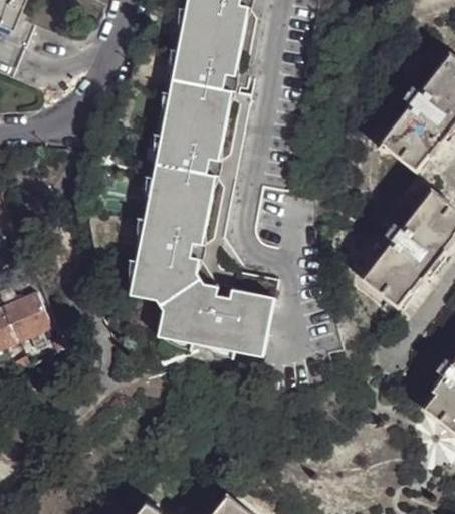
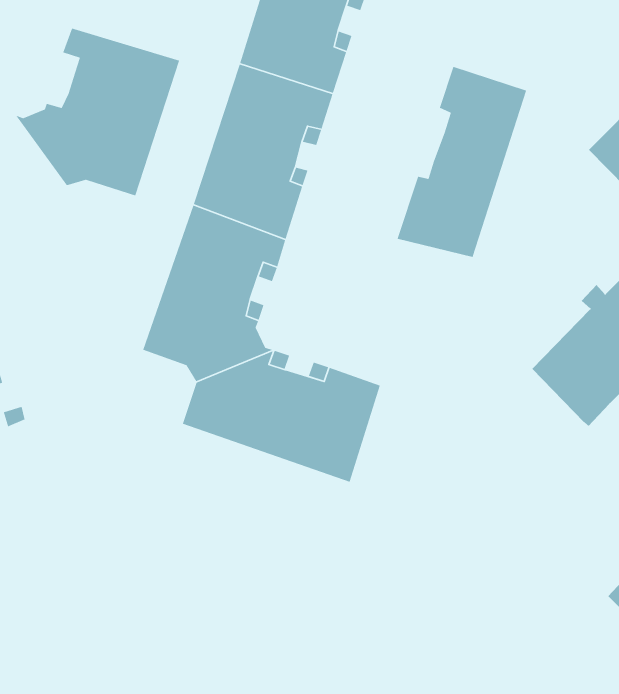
building: none -> [396,66,527,258]
building: none -> [14,28,180,196]

